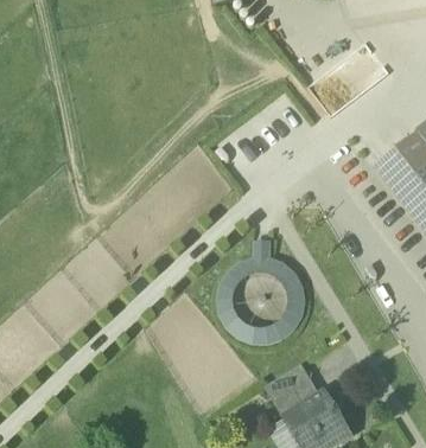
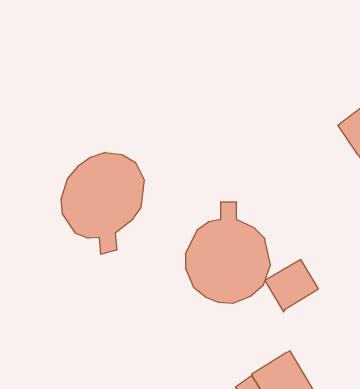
building: none -> [61,152,144,254]
building: [265,364,319,417] -> [265,260,318,312]

